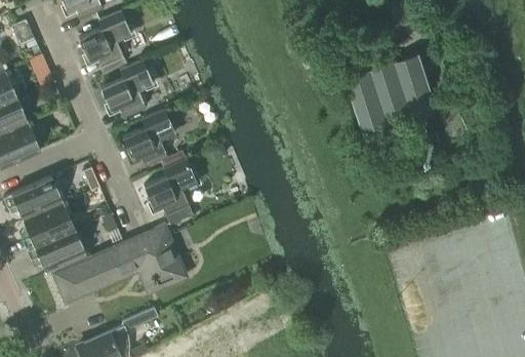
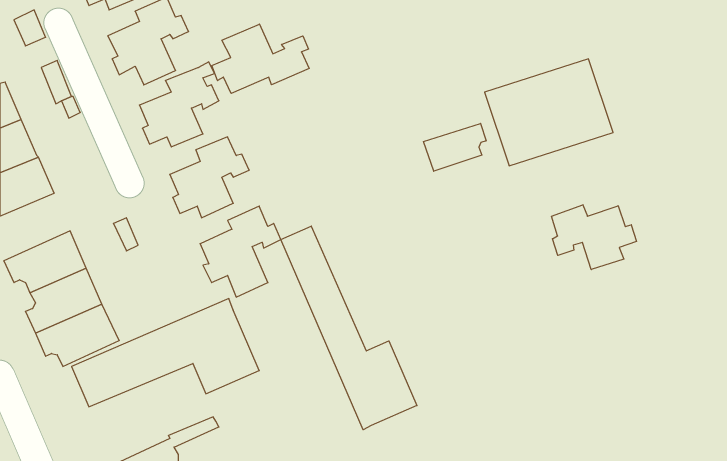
building: none -> [212,24,309,93]
building: none -> [423,123,486,171]
building: none -> [551,205,637,270]
building: none -> [281,226,417,430]

